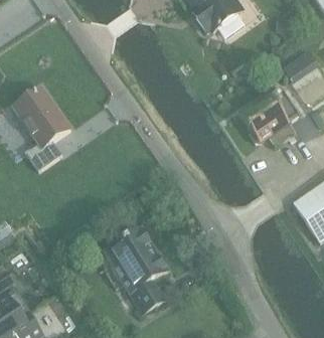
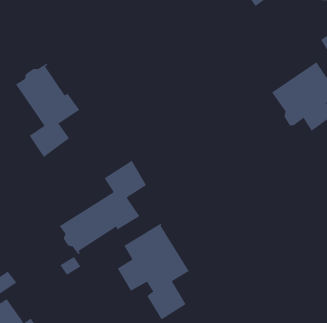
building: none -> [59,160,147,255]

